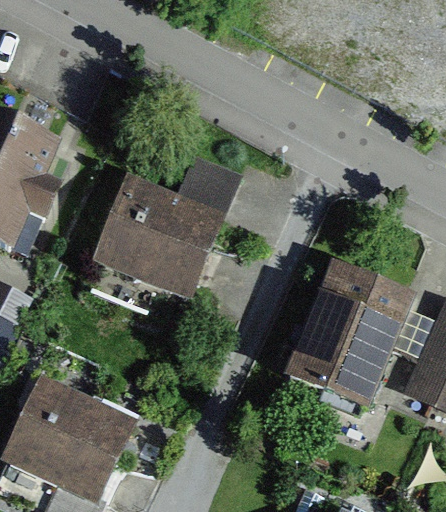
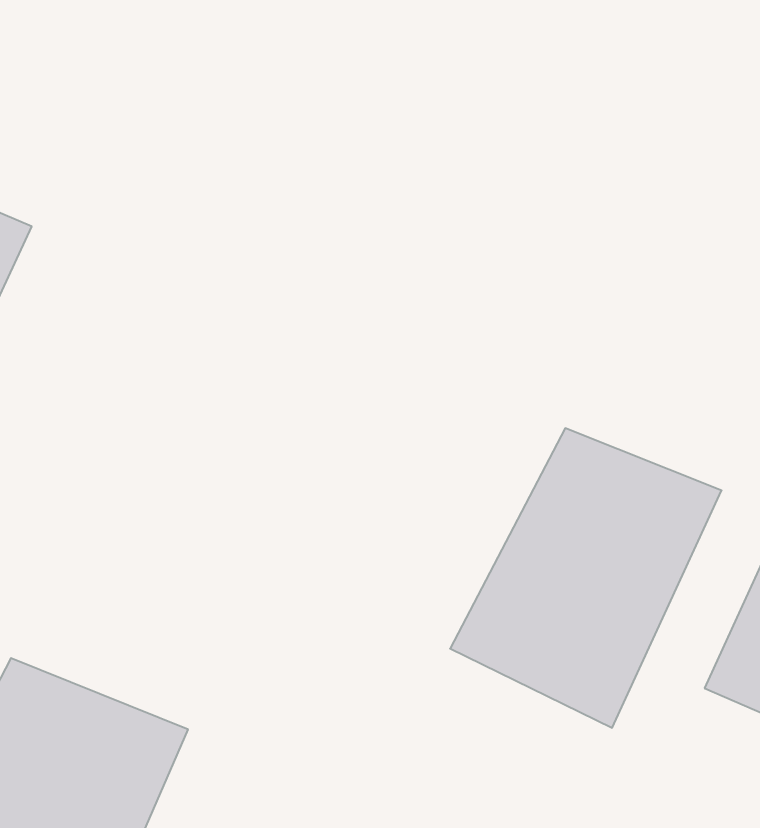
building: [94,173,221,300] -> none

